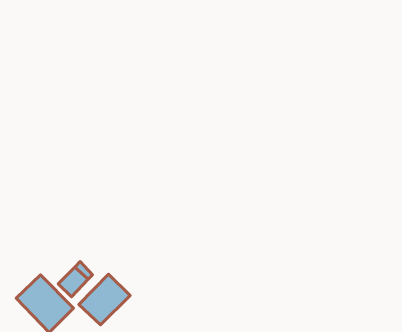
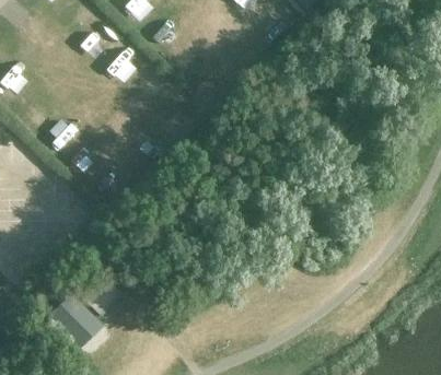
building: [79,274,130,325] -> none

